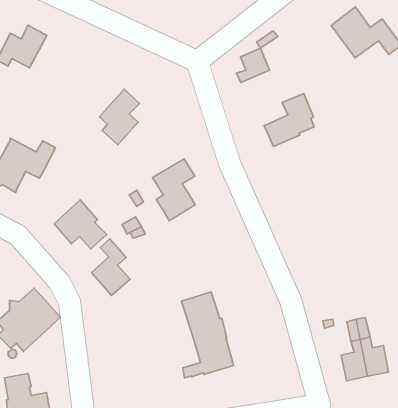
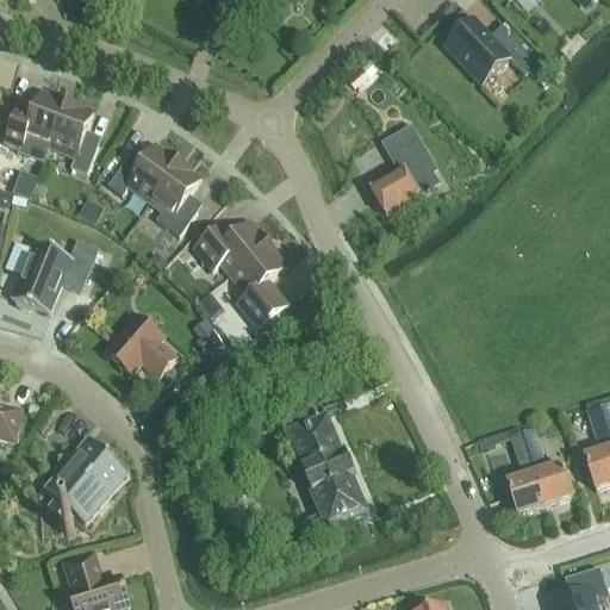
building: none -> [50,100,101,173]
building: [237,48,269,82] -> none
building: none -> [107,144,179,200]
building: none -> [194,220,269,273]
building: [91,239,130,295] -> none

